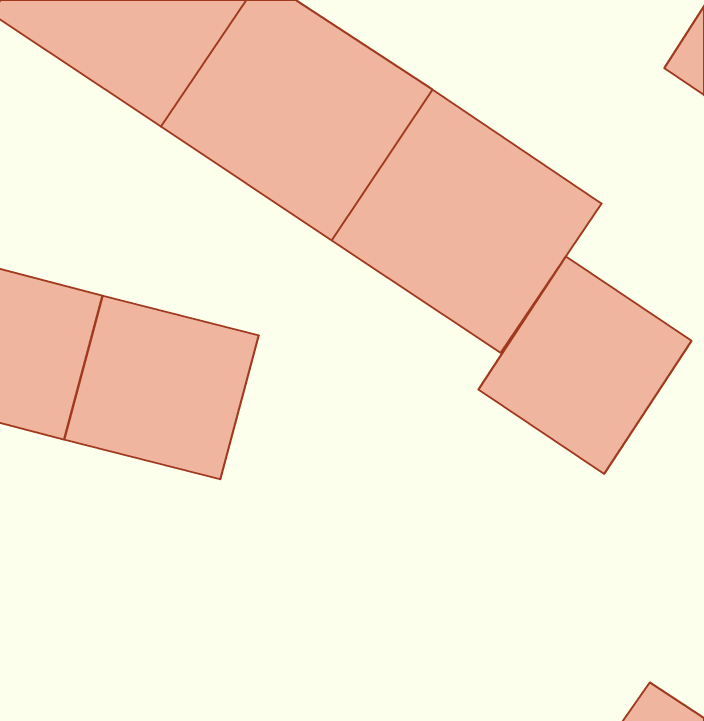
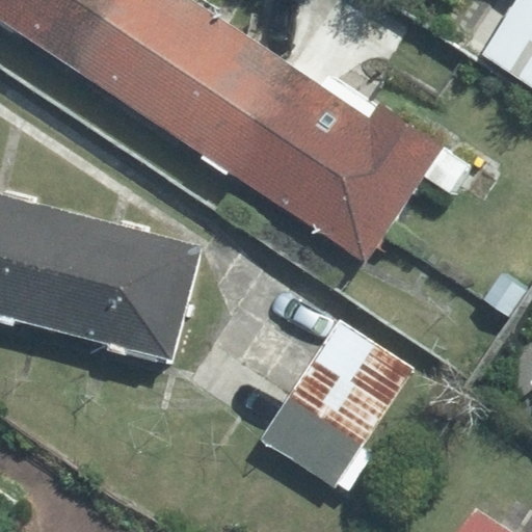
building: [478,256,691,474] -> none
building: none -> [265,320,421,487]

